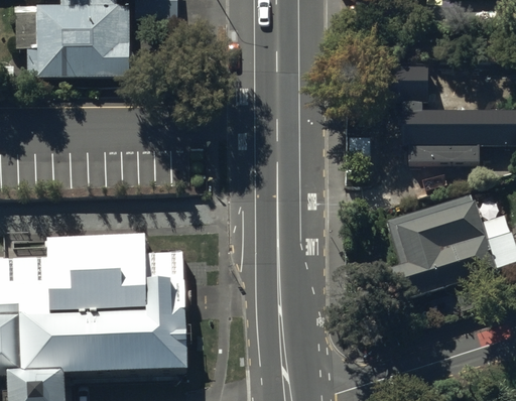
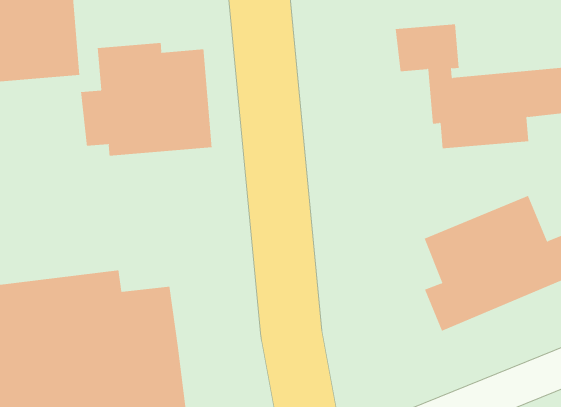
building: none -> [80,42,212,156]

